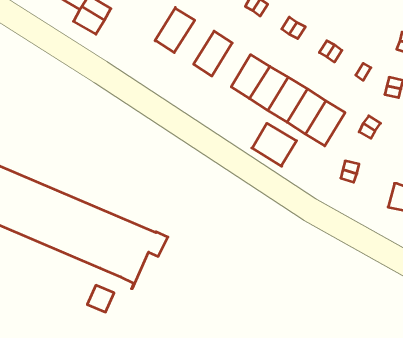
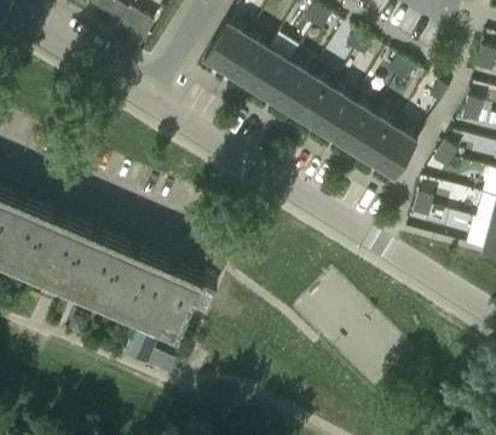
building: none -> [225,40,270,90]
building: none -> [267,65,311,115]
building: [252,123,297,166] -> none

